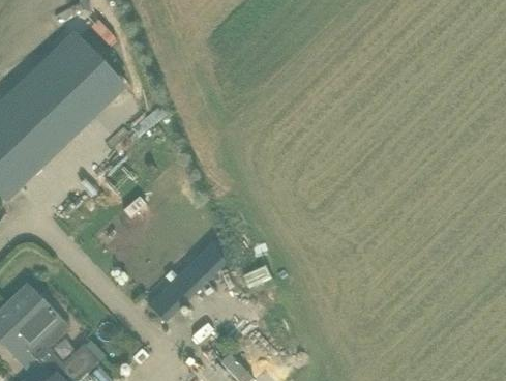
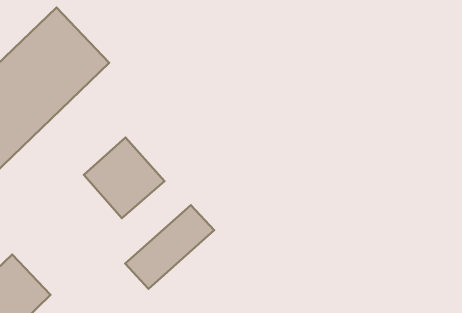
building: none -> [84,137,165,218]

